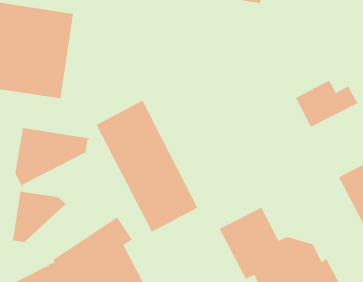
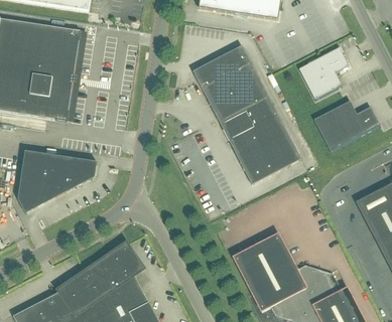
building: none -> [298,46,349,100]
building: [96,100,198,233] -> [192,44,300,184]
building: [12,191,68,243] -> none

